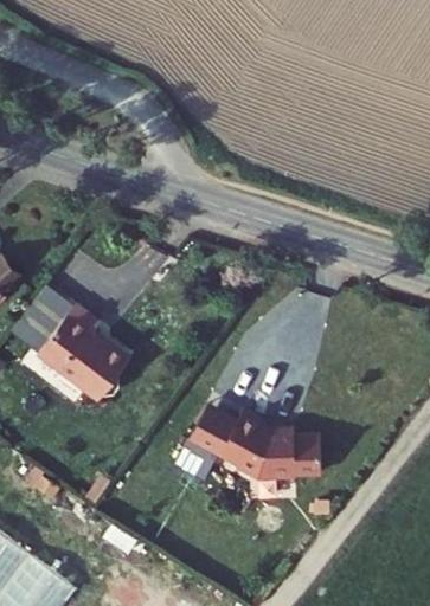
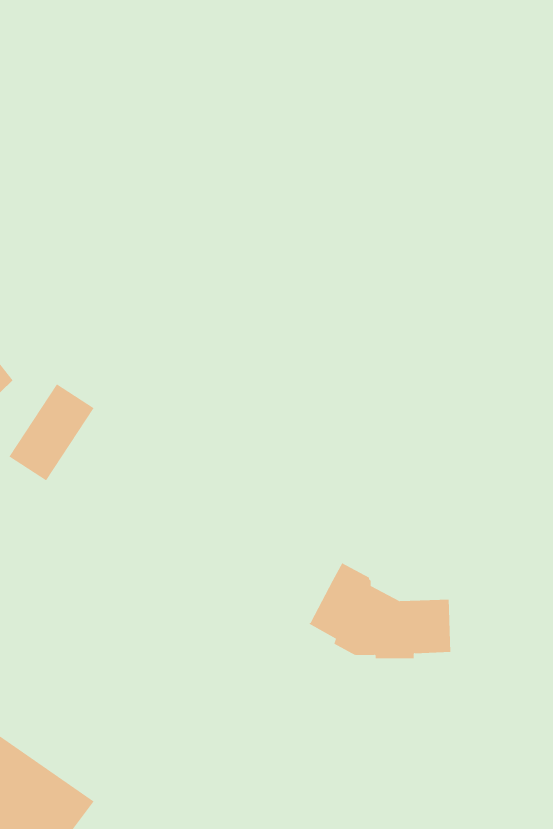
building: [39,304,131,395] -> none
building: [194,407,239,453] -> none

